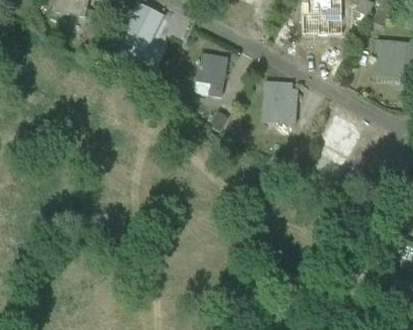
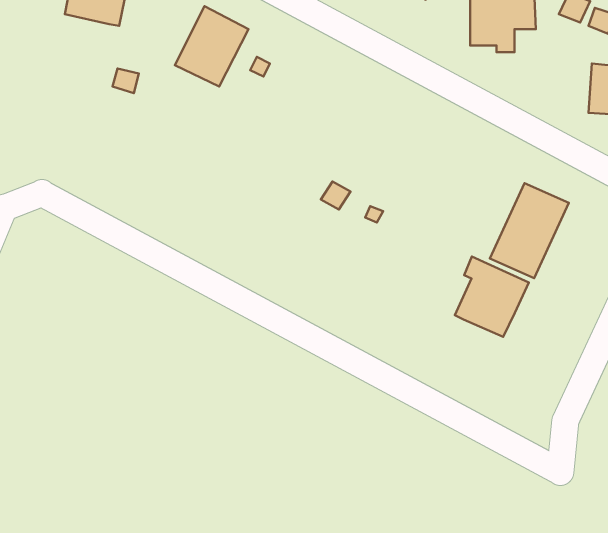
building: [197,53,227,96] -> none
building: [264,82,297,123] -> none
building: none -> [455,257,529,337]

